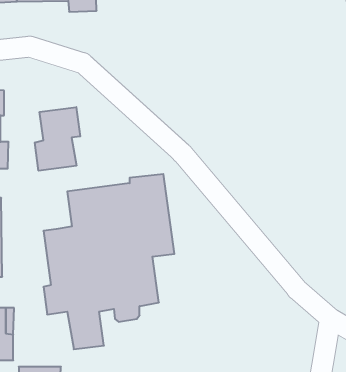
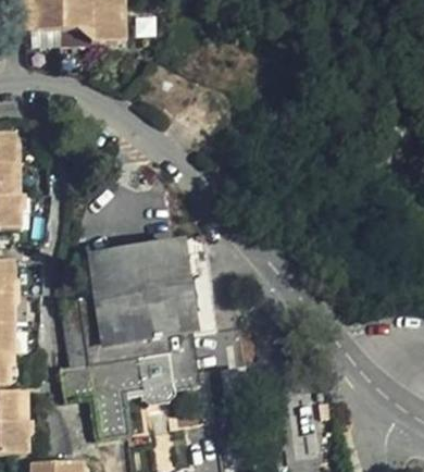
building: [35,107,80,171] -> none

